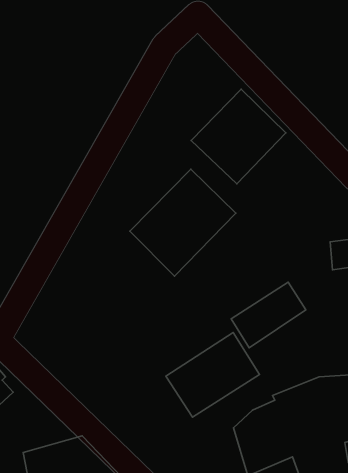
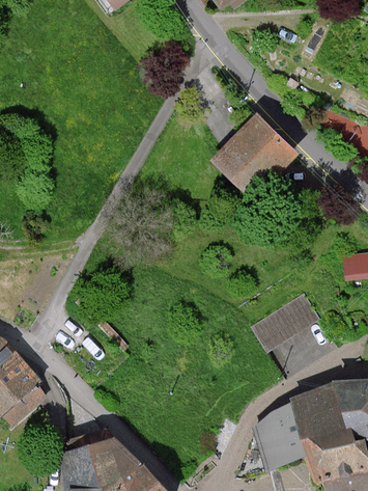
building: [130,169,236,276] -> none
building: [166,333,259,417] -> none

